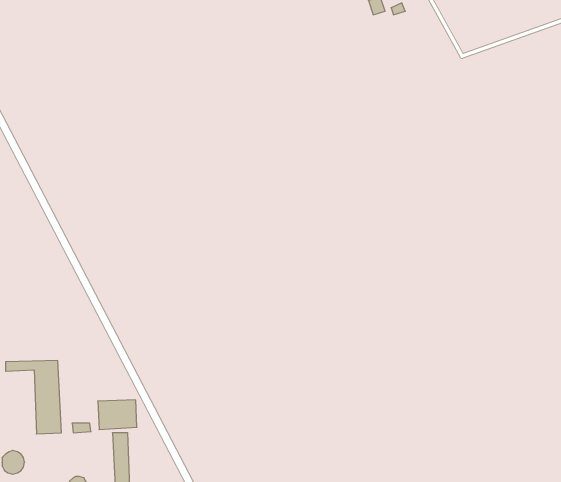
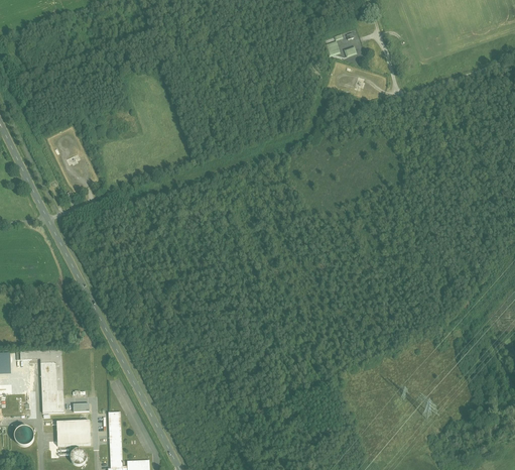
building: [98,400,137,430] -> [56,421,90,446]

